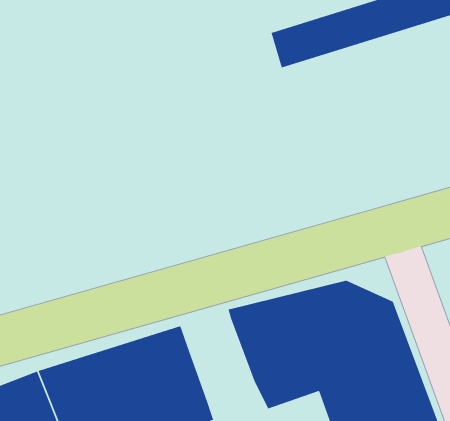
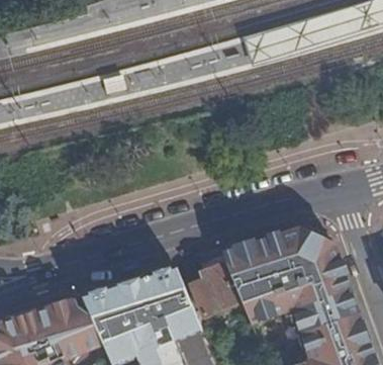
building: none -> [182,257,230,318]

